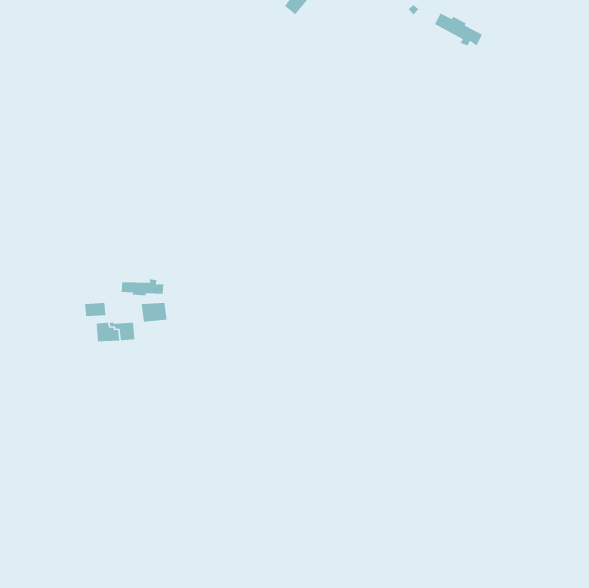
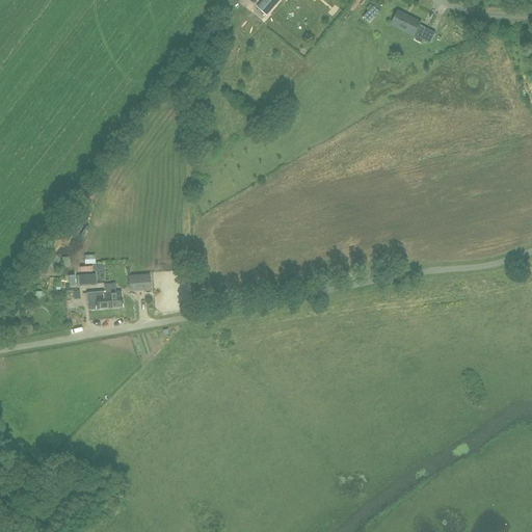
building: [121,279,164,296] -> none

